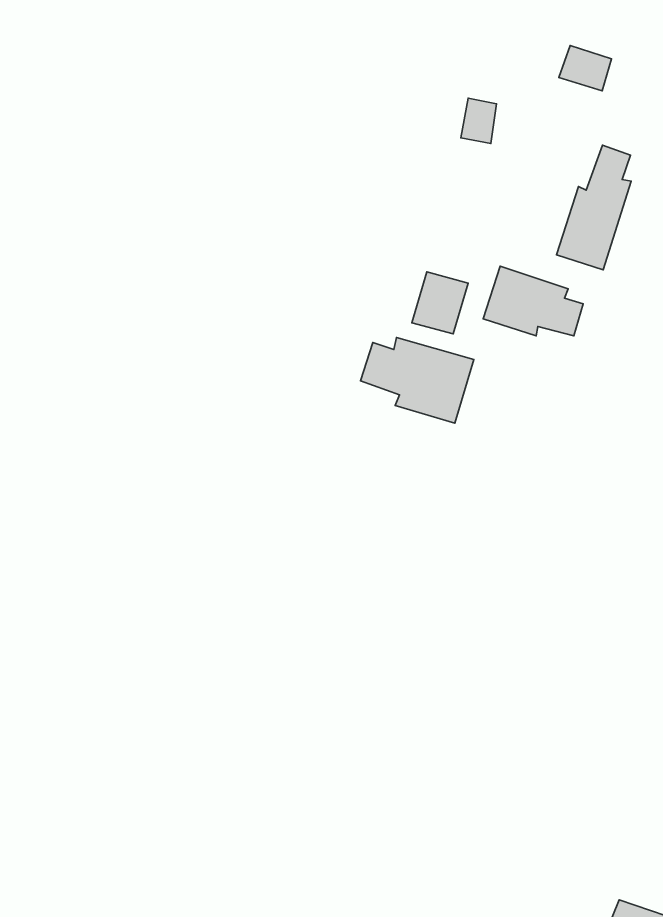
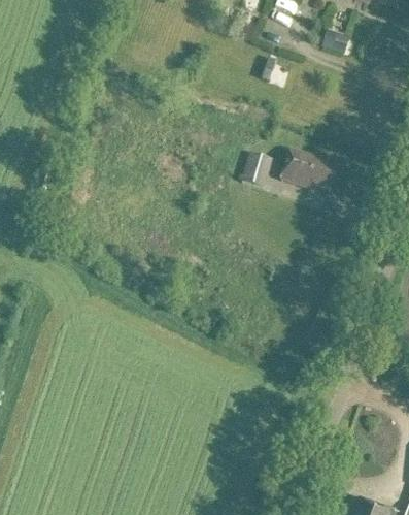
building: [557,145,631,270] -> none
building: [360,338,474,423] -> none

